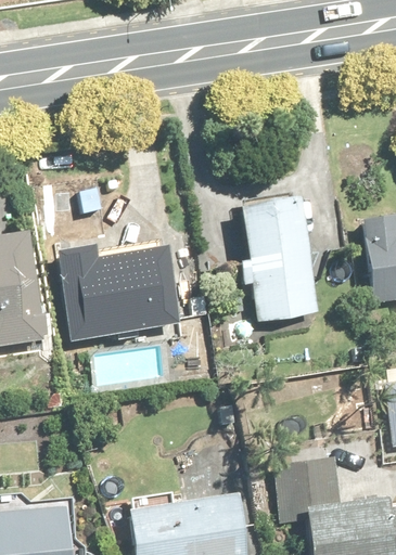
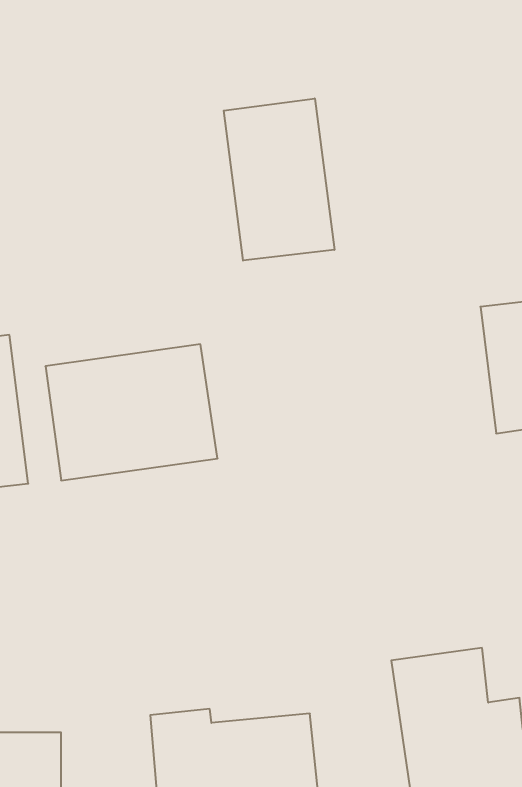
building: none -> [224,98,334,261]
building: [241,195,318,320] -> none

